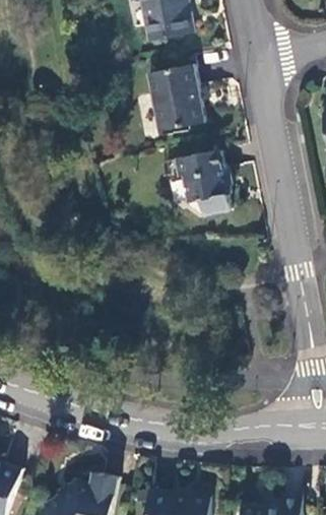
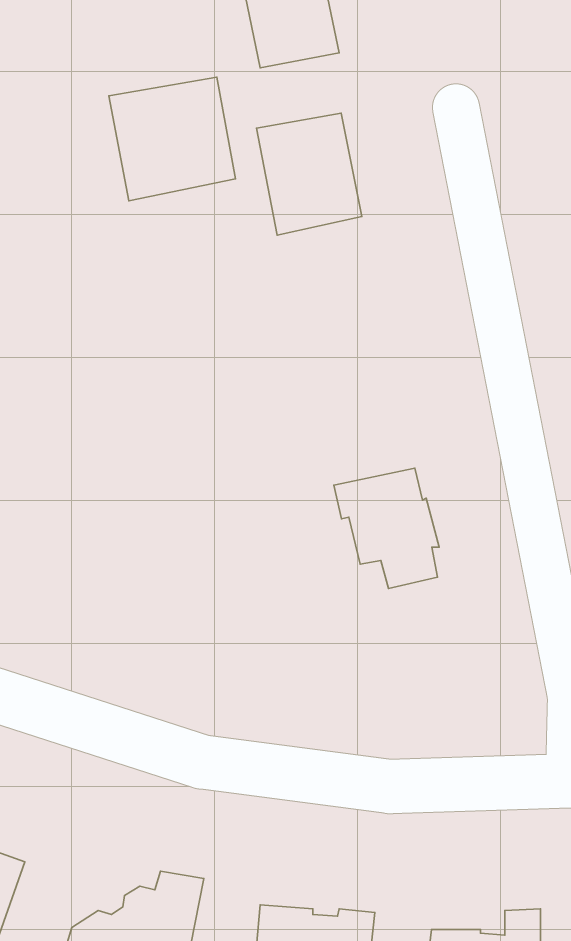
building: none -> [109,77,236,201]
building: [174,150,231,215] -> [334,468,439,589]

